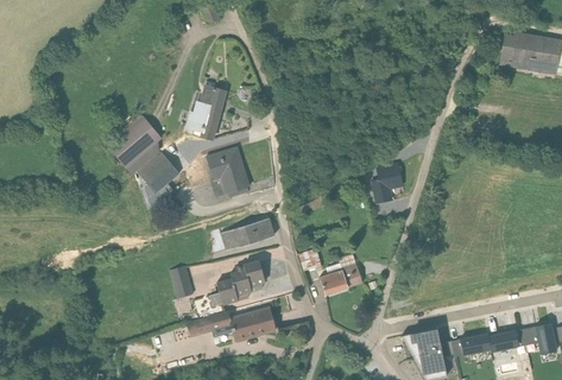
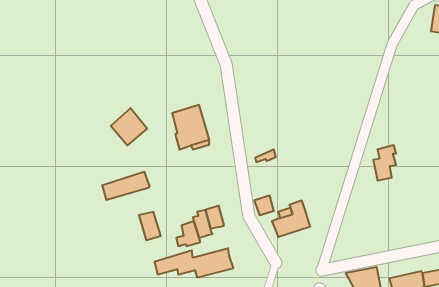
building: [176,82,222,135] -> none
building: [102,110,159,172] -> none
building: [371,162,397,202] -> [373,145,396,181]
building: [219,216,273,248] -> [102,172,150,200]

